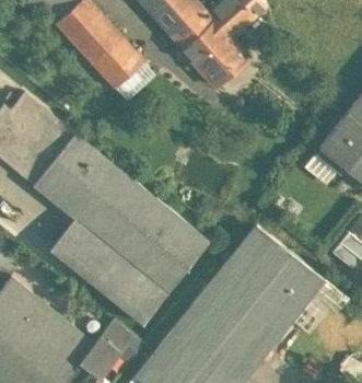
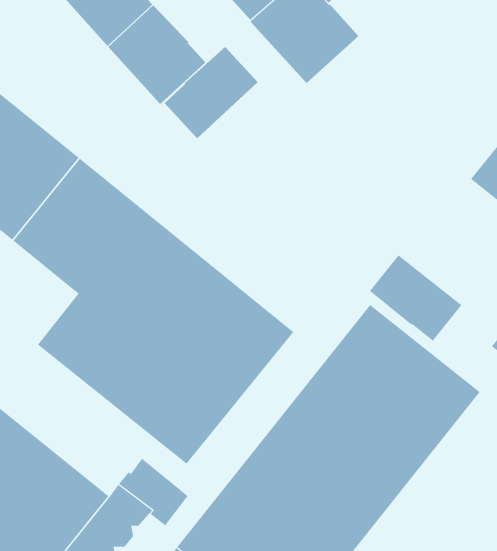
building: none -> [164,46,258,139]
building: none -> [369,255,462,342]

